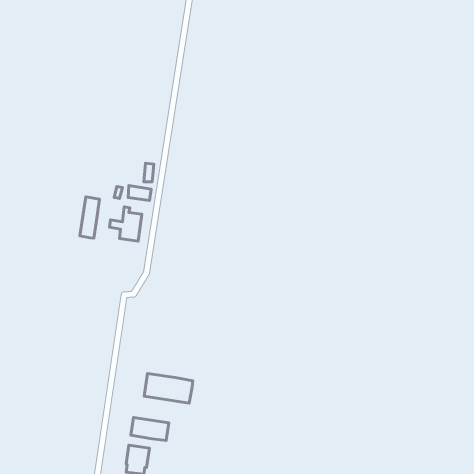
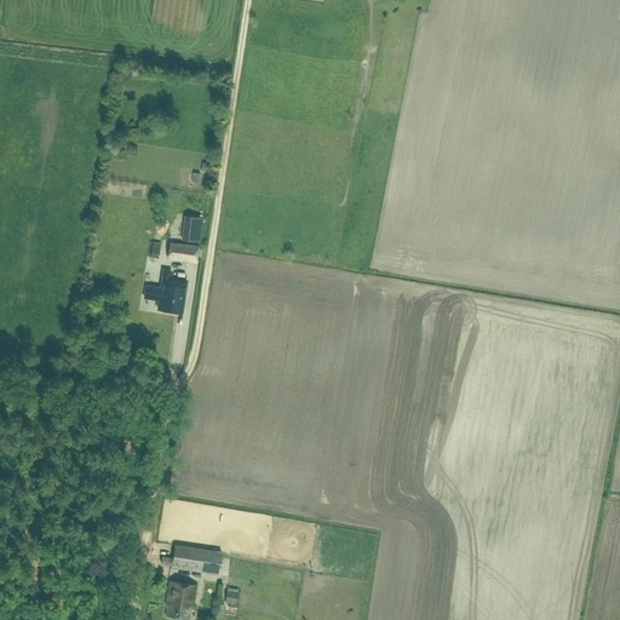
building: [80,197,100,238] -> none
building: [144,374,193,403] -> none

